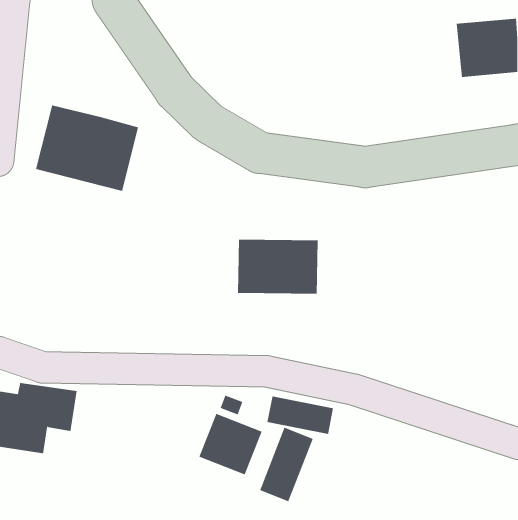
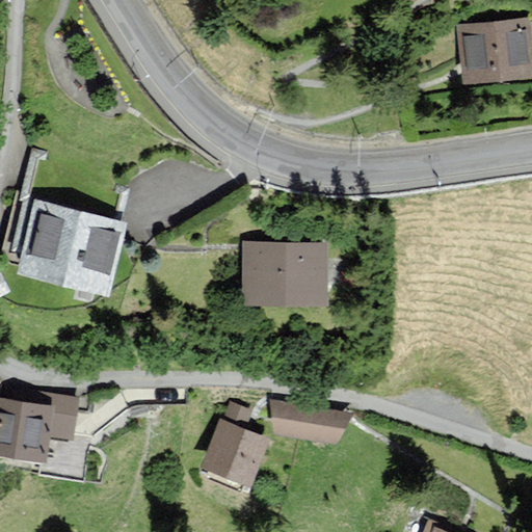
building: [35,105,139,191] -> [18,204,124,292]
building: [259,427,313,502] -> none

